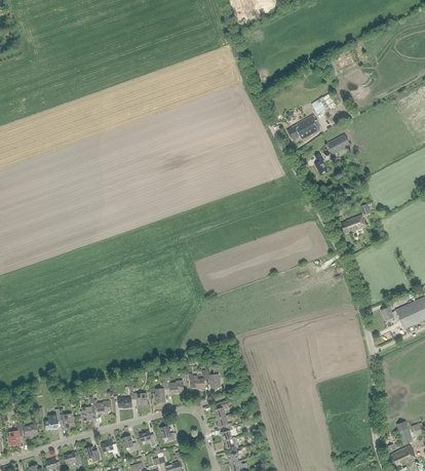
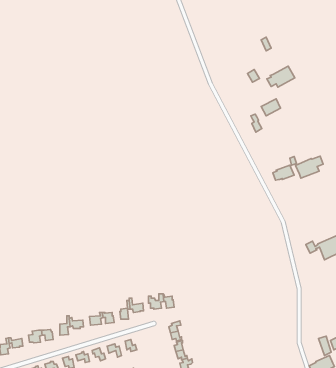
building: [287,114,321,140] -> [267,66,295,87]
building: none -> [296,156,323,178]

